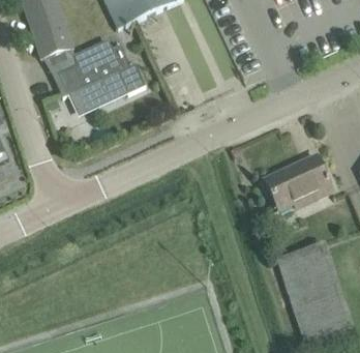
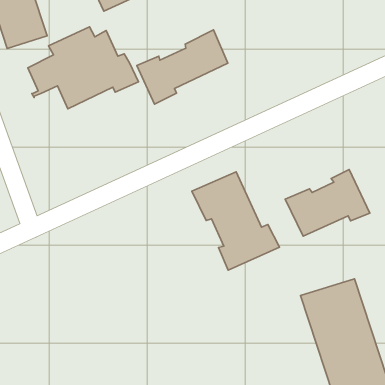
building: none -> [137,30,228,104]
building: none -> [192,172,280,270]

